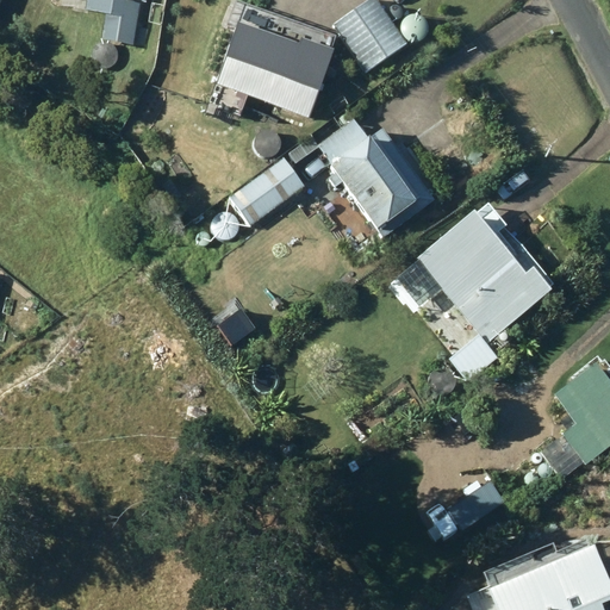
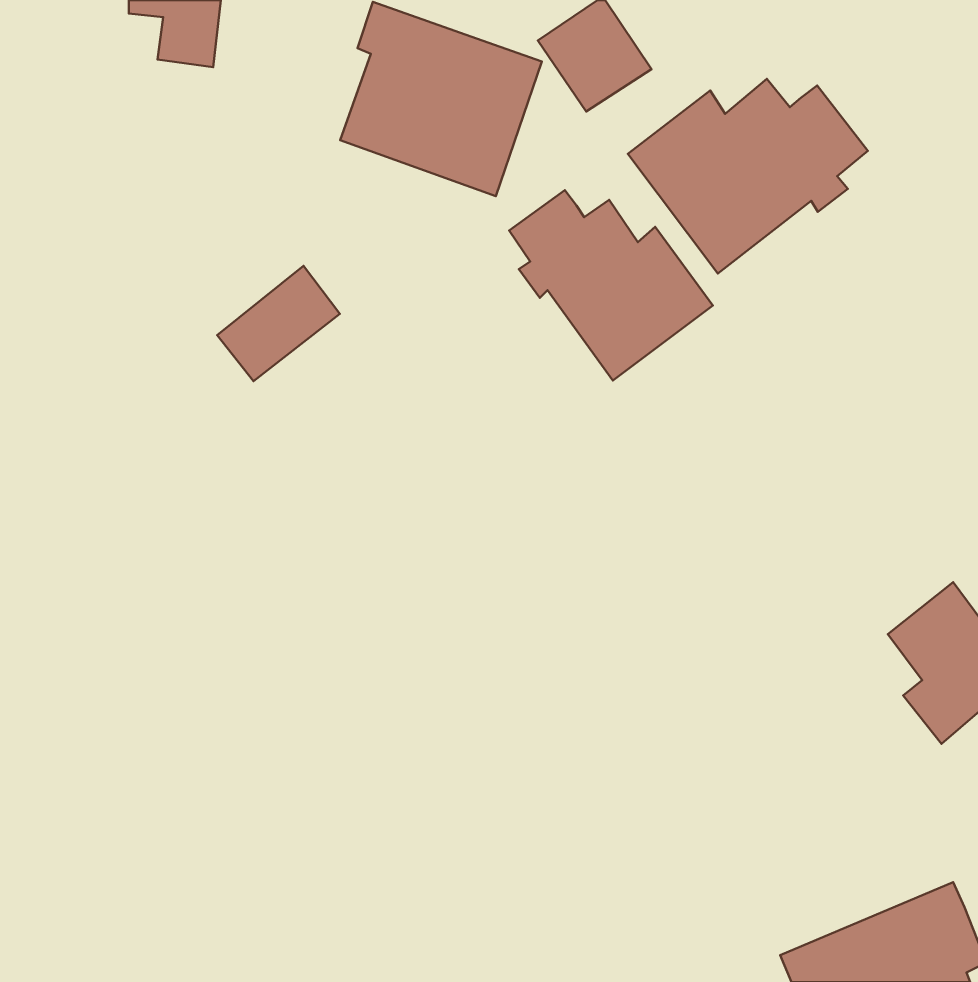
building: none -> [628,79,868,274]
building: [229,154,305,225] -> [217,266,340,381]
building: [415,207,548,347] -> none

